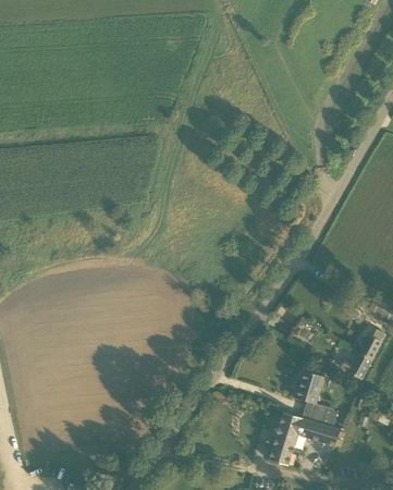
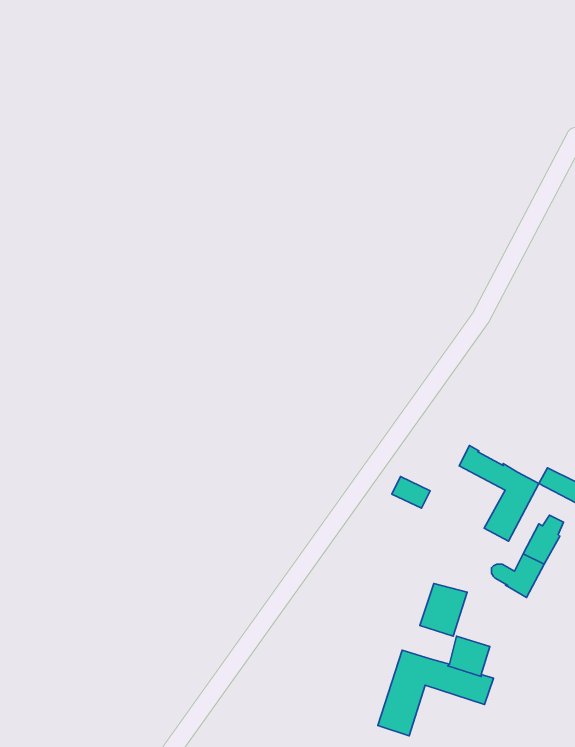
building: none -> [459,446,539,541]

